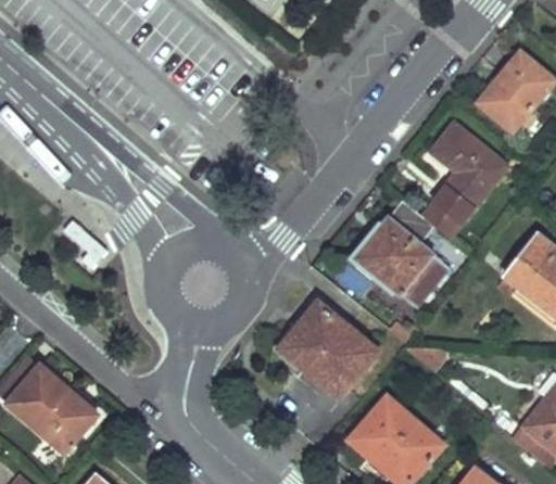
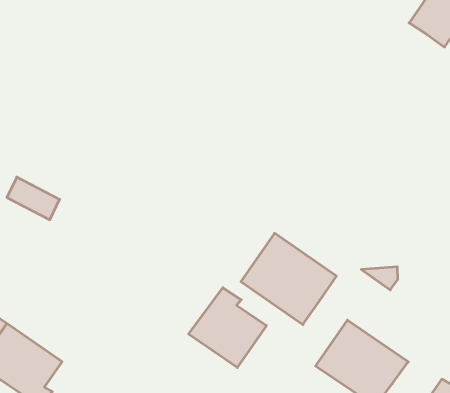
building: [433,124,507,222] -> none
building: [355,201,451,308] -> none
building: none -> [189,288,266,368]

